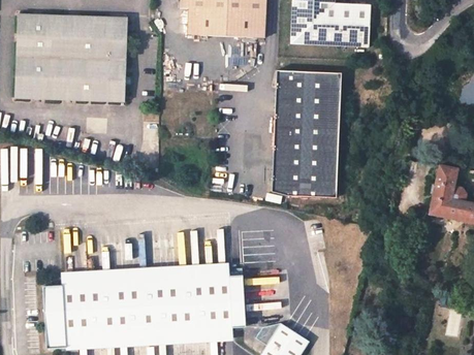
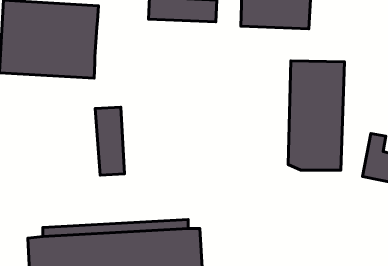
building: [276,70,341,196] -> [288,61,345,170]
building: none -> [95,107,124,175]

